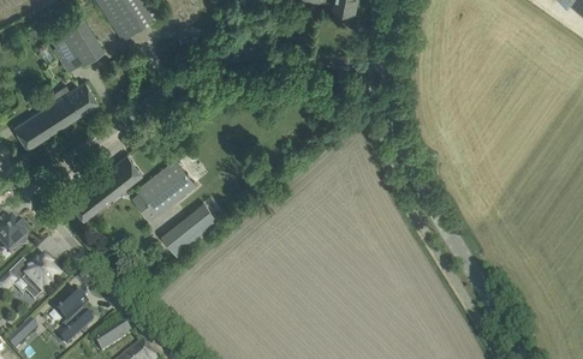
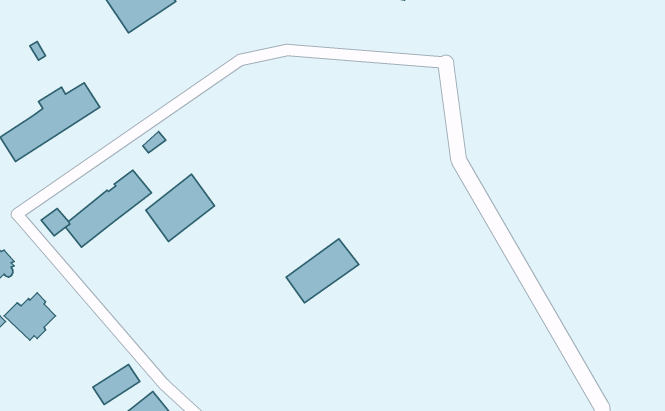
building: [50,16,105,66] -> none
building: [160,201,221,255] -> [286,239,359,303]
building: [54,288,93,337] -> none

